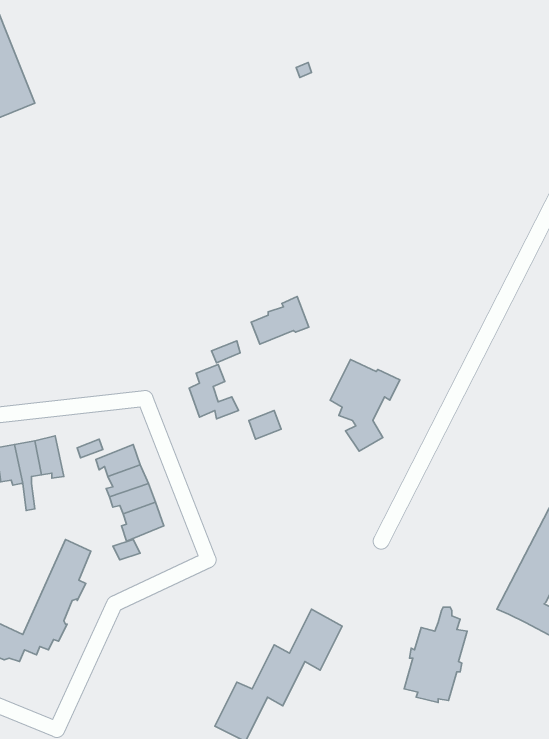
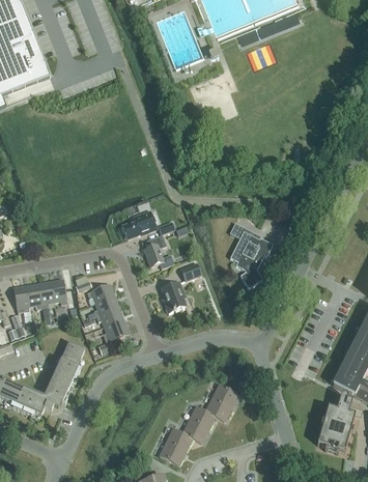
building: [251,297,309,344] -> [121,209,157,238]
building: none -> [162,282,186,312]
building: [404,607,467,702] -> [317,394,356,452]

